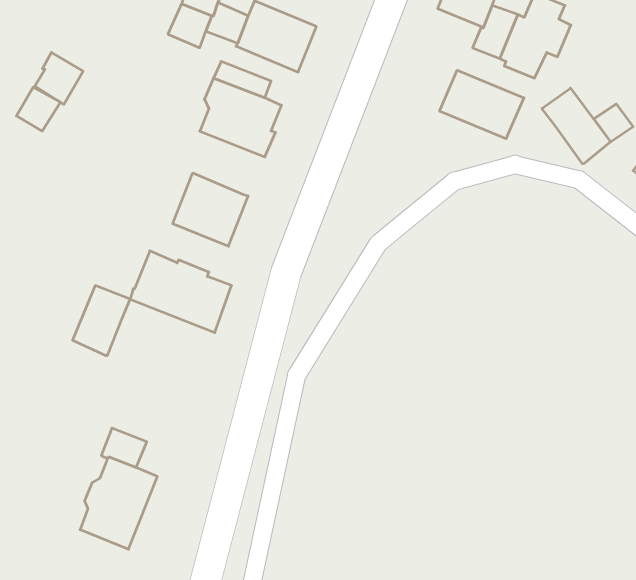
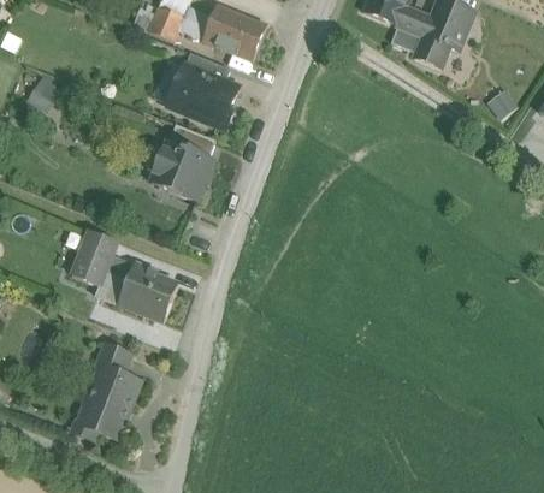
building: [35,52,83,104] -> none
building: [440,70,524,139] -> none
building: [542,88,611,164] -> none
building: none -> [168,124,215,158]
building: [130,251,232,333] -> [96,255,177,320]

